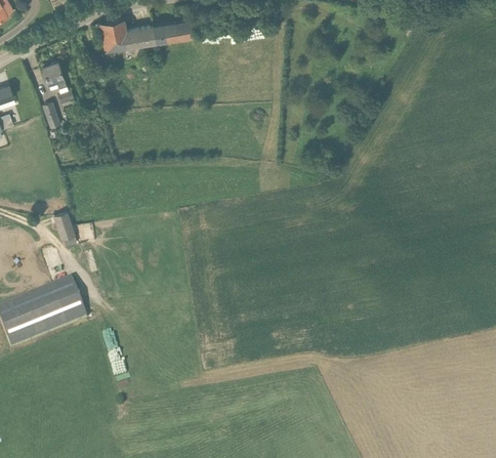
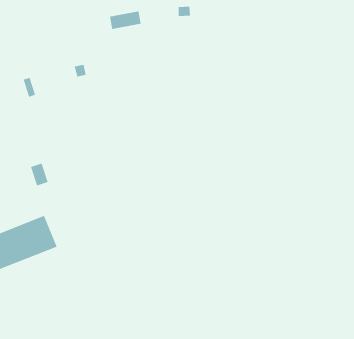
building: [99,17,156,49] -> none
building: [43,60,74,102] -> none

